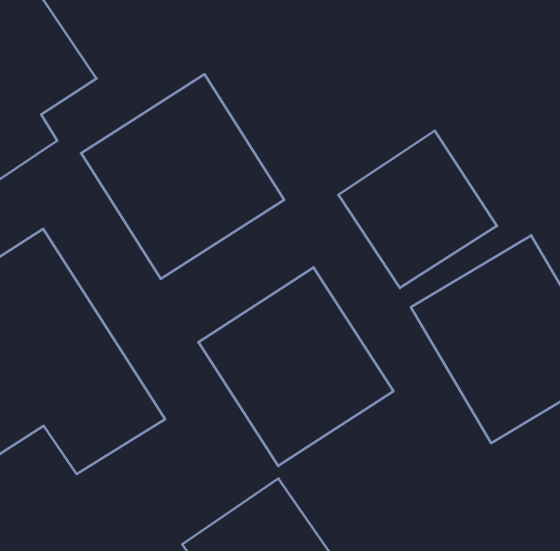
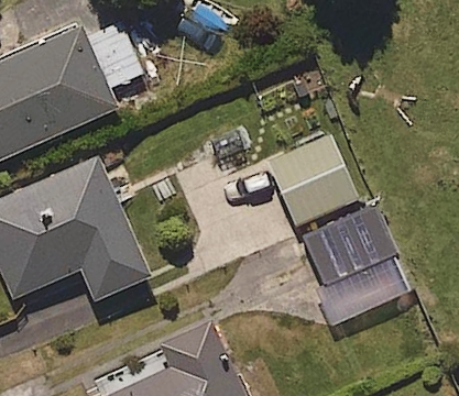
building: [81,74,284,279] -> none
building: [198,267,393,466] -> none

